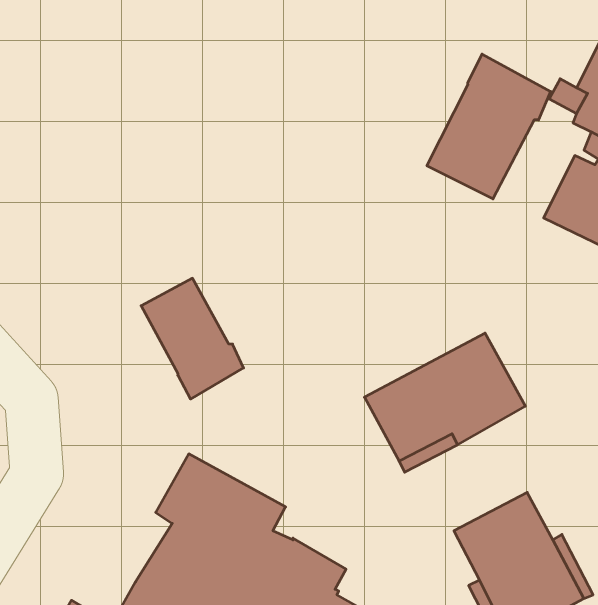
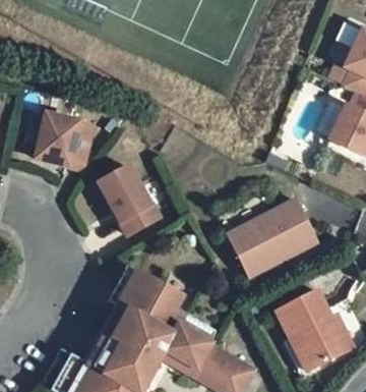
building: [427,54,551,199] -> none
building: none -> [40,117,96,169]

